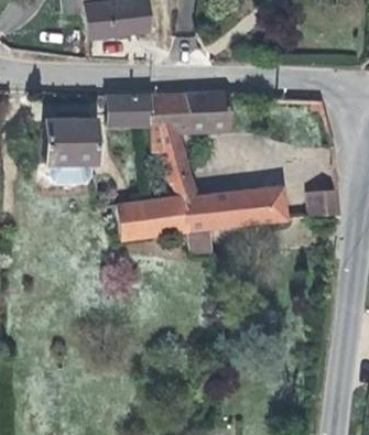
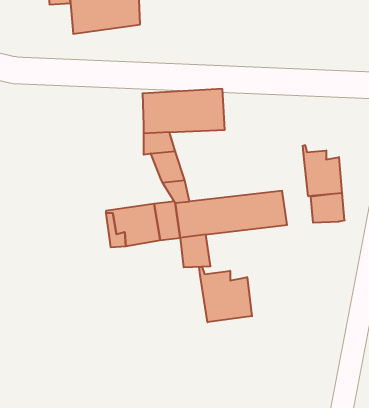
building: [108,95,152,124] -> none
building: [44,120,96,183] -> none
building: none -> [303,145,342,196]
building: none -> [199,266,252,322]

